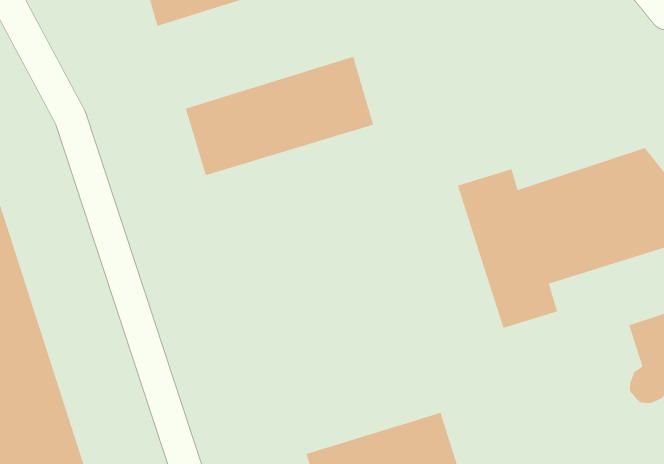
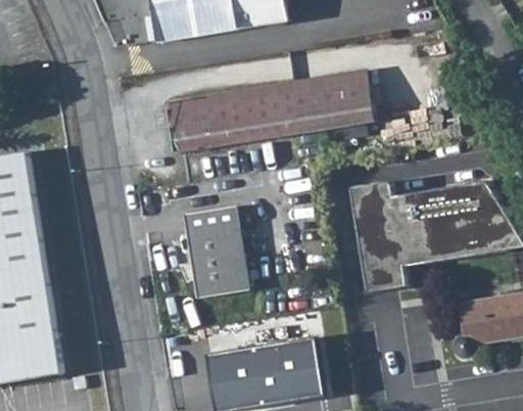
building: none -> [292,72,368,133]
building: none -> [182,206,250,298]

